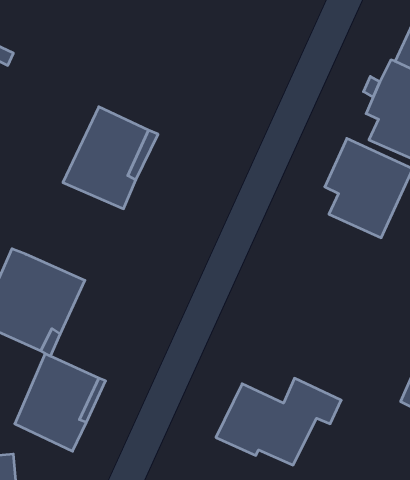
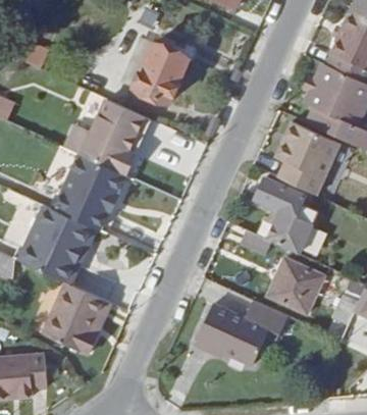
building: none -> [136,42,192,100]
building: none -> [54,152,126,228]
building: none -> [255,177,313,253]
building: none -> [268,257,324,311]

